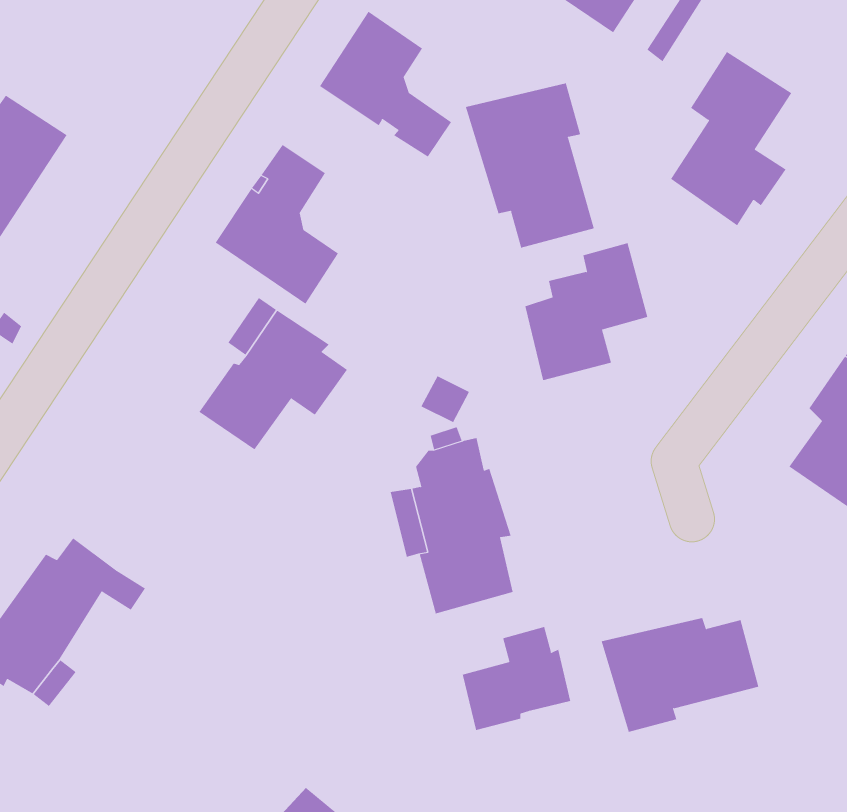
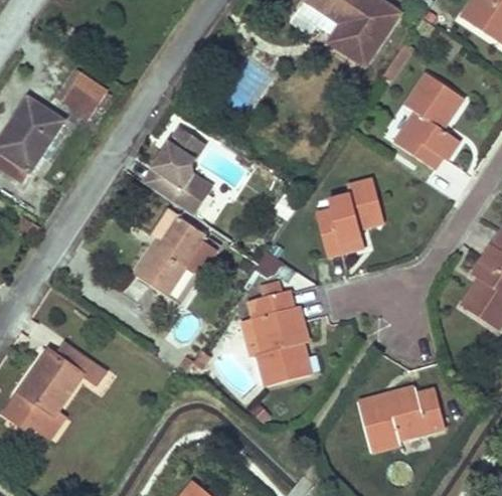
building: [319,11,452,158] -> none
building: none -> [61,70,106,115]
building: [465,82,594,249] -> none
building: [462,626,571,731] -> none

